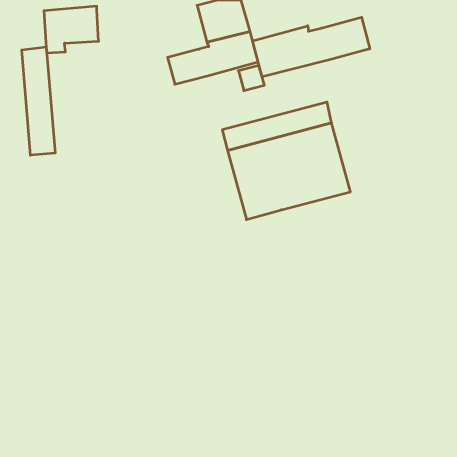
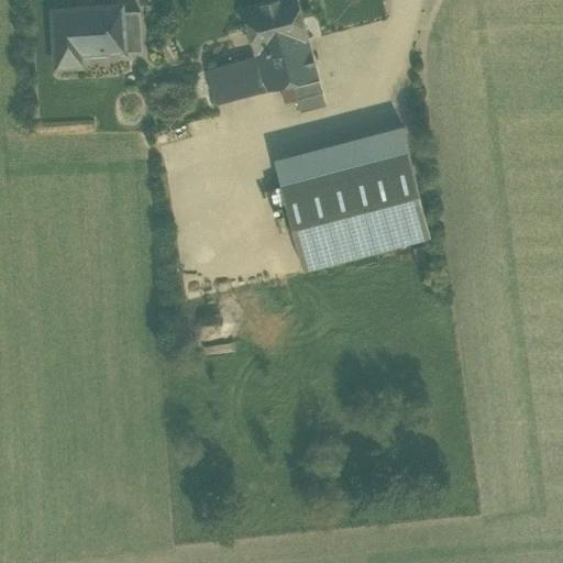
building: none -> [119,12,141,54]
building: [253,17,370,77] -> none
building: [22,47,55,155] -> none

